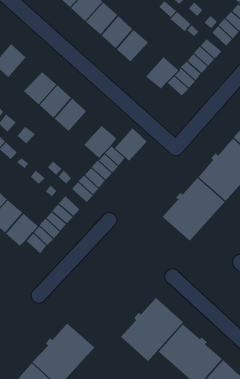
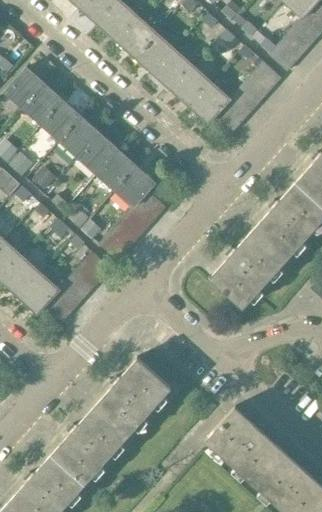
building: none -> [172,67,212,108]
building: none -> [24,85,65,126]
building: [114,128,147,161] -> [97,150,137,191]
building: [120,297,184,362] -> [95,358,172,436]

